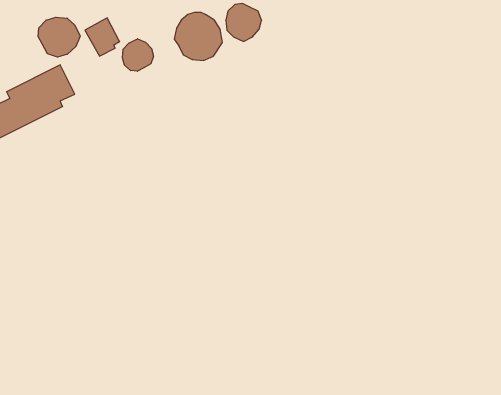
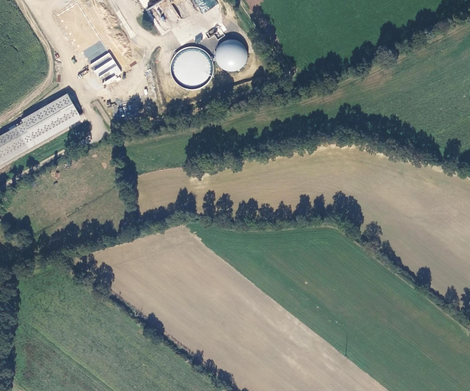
building: [38,17,80,57] -> none
building: [122,39,154,71] -> none

